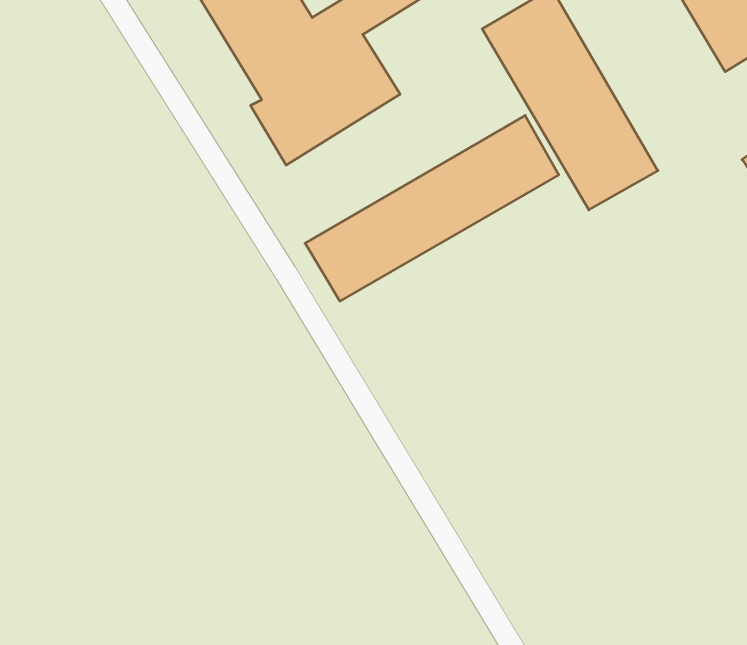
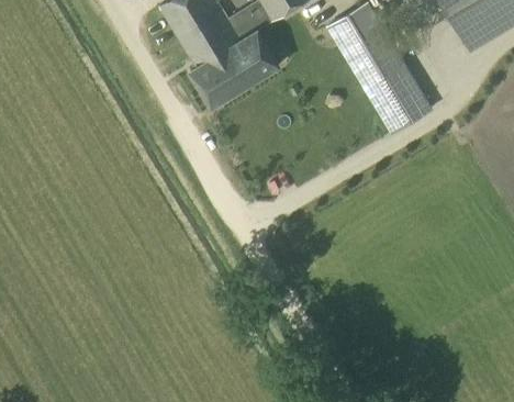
building: [305,115,559,301] -> none

